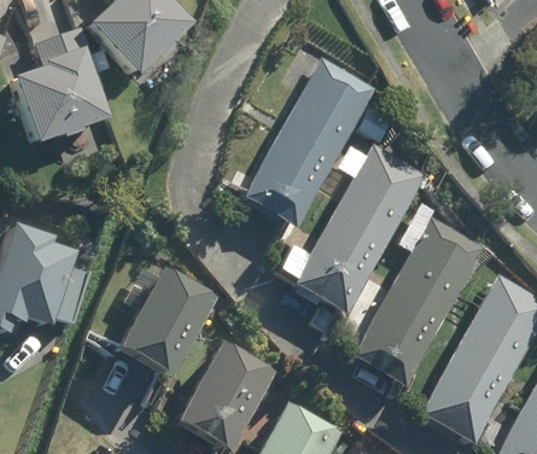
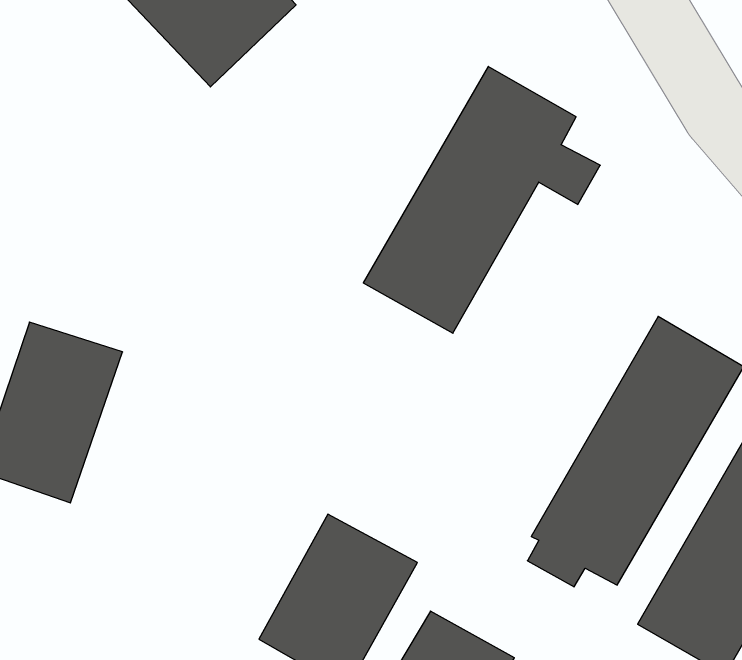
building: [14,39,118,141] -> none
building: [290,145,427,316] -> none
building: [113,269,215,385] -> none

